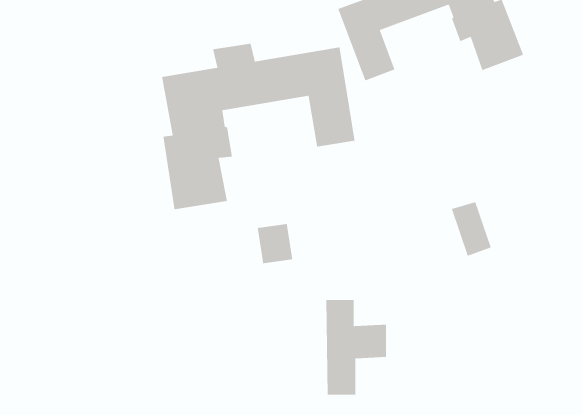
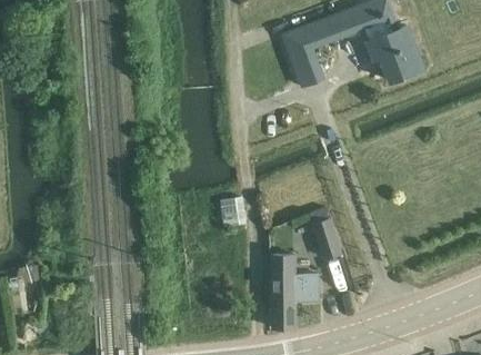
building: [161,43,355,210] -> none
building: [451,201,492,257] -> [311,218,342,260]

